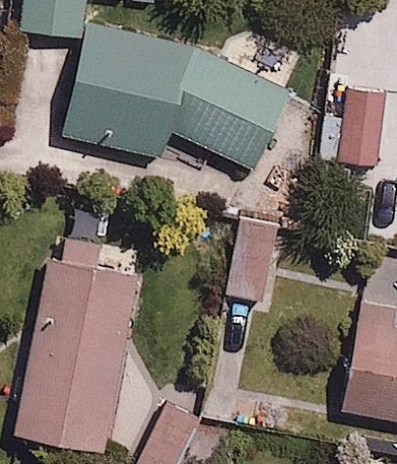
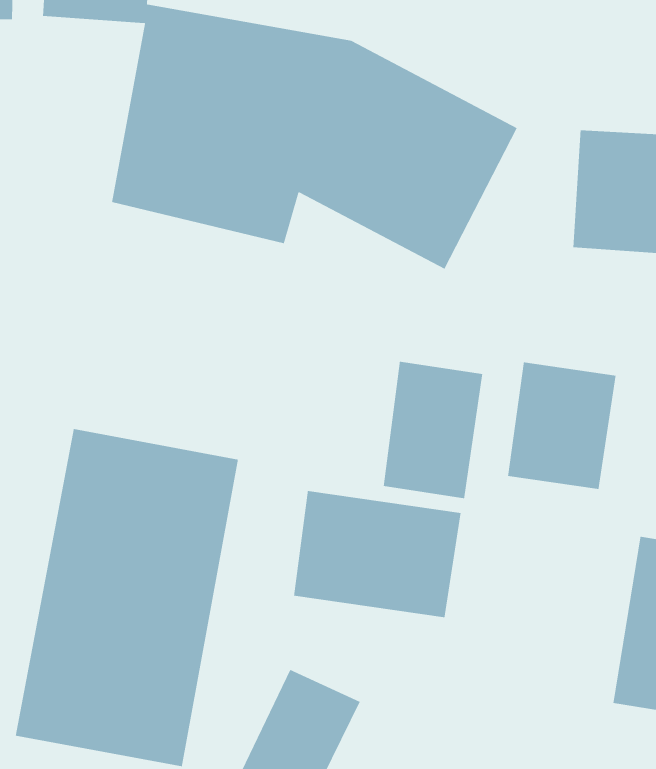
building: none -> [507,362,616,490]
building: none -> [293,490,461,618]

